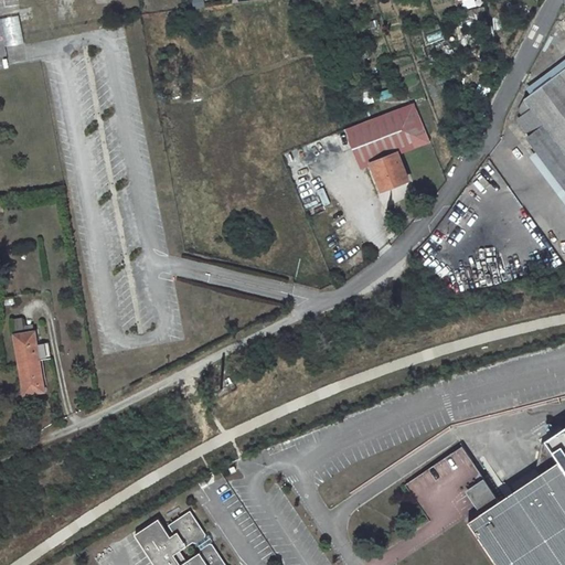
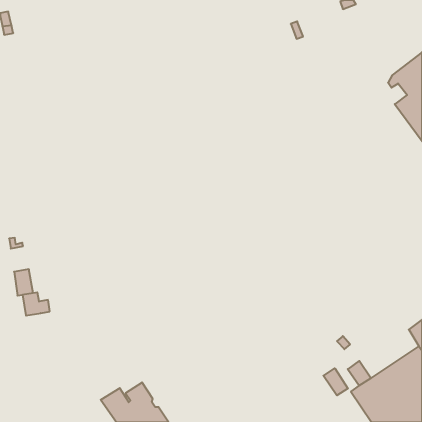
building: [347,102,435,191] -> none
building: [14,332,51,363] -> [23,292,50,316]
building: none -> [323,368,348,395]

